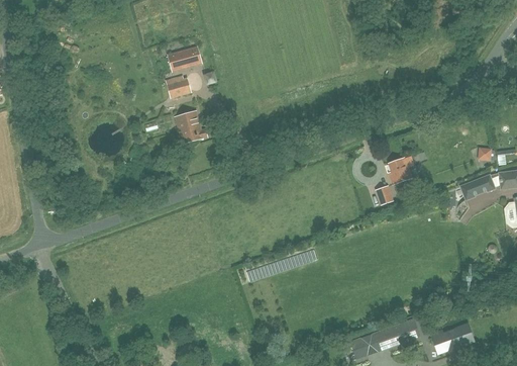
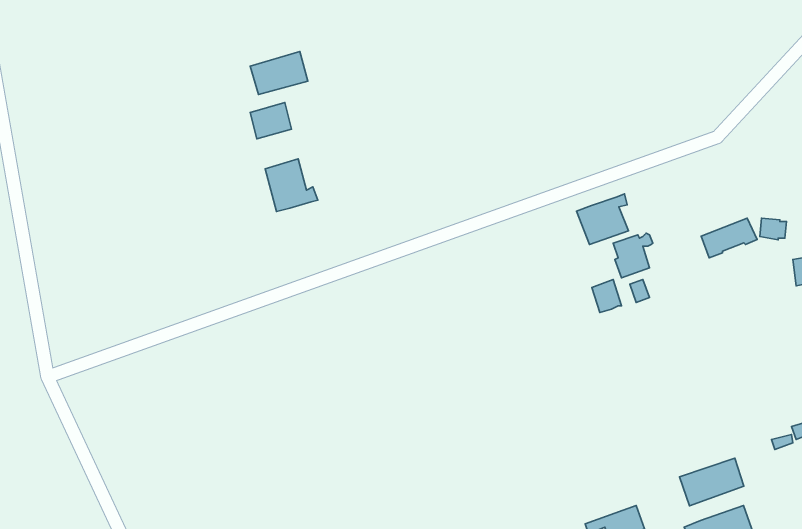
building: none -> [576,194,628,244]
building: [460,174,495,198] -> [701,218,757,258]
building: none -> [679,458,744,506]

